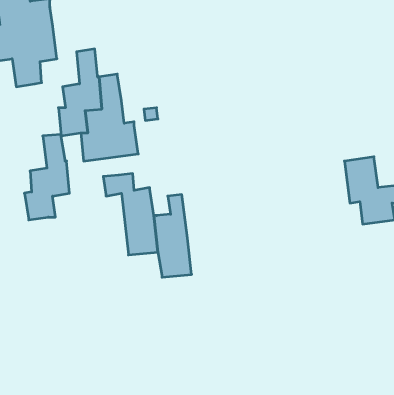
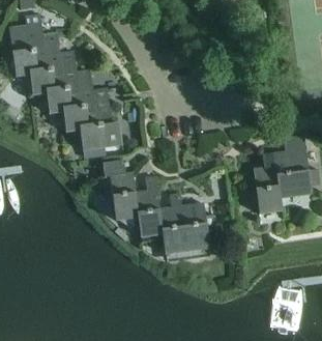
building: [24,134,69,220] -> [47,51,80,114]
building: none -> [246,151,284,215]
building: none -> [159,192,218,262]

